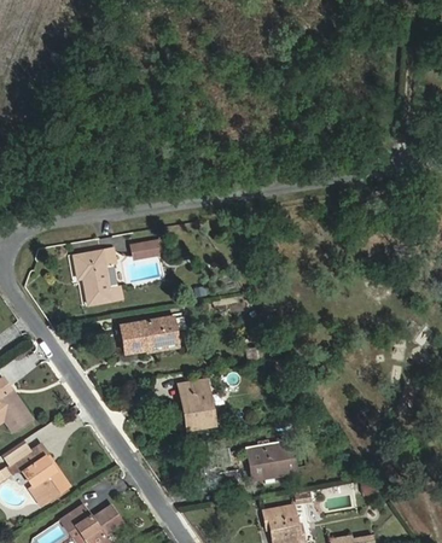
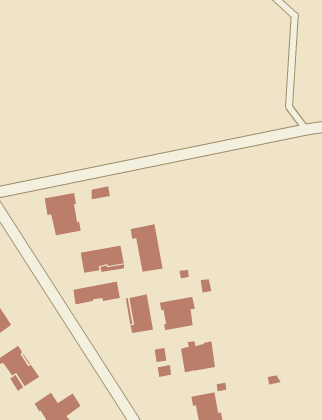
building: none -> [130,223,163,273]
building: none -> [73,281,120,305]
building: none -> [159,296,195,331]

